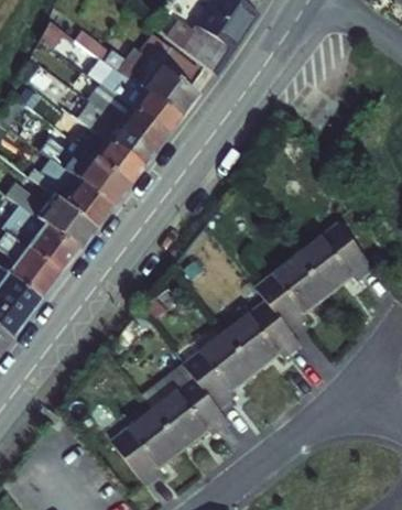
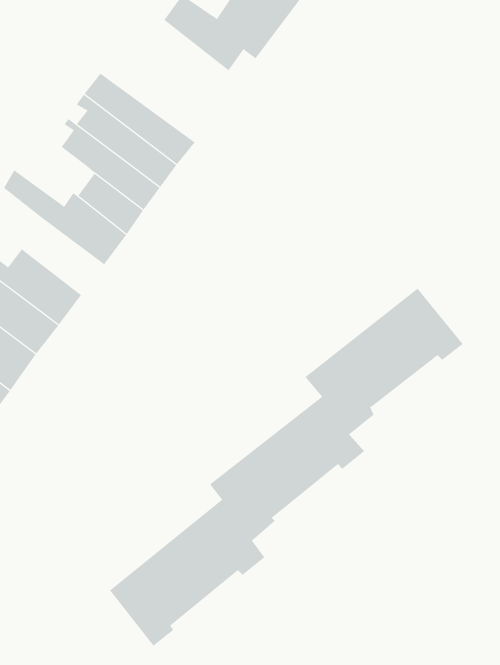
building: [105,32,199,117] -> none
building: [46,171,110,228] -> none

